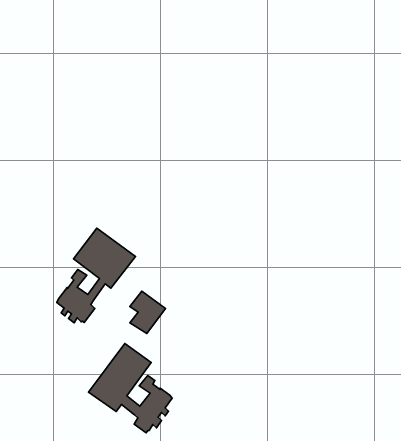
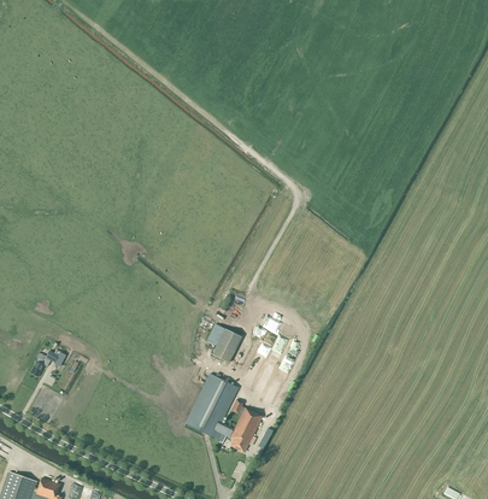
building: [57,228,135,323] -> none

